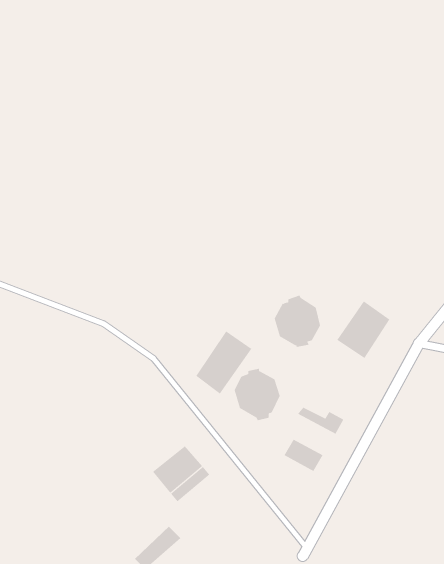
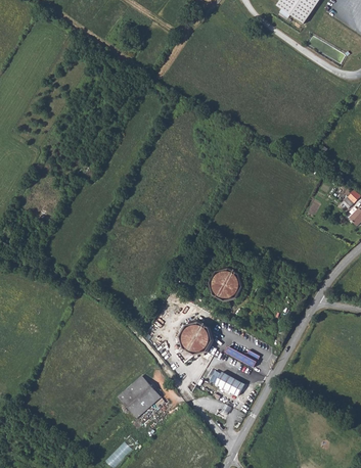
building: [337,301,390,359] -> none
building: [195,331,252,394] -> none

